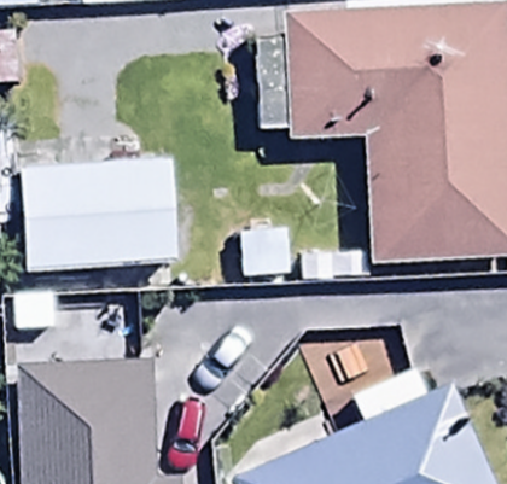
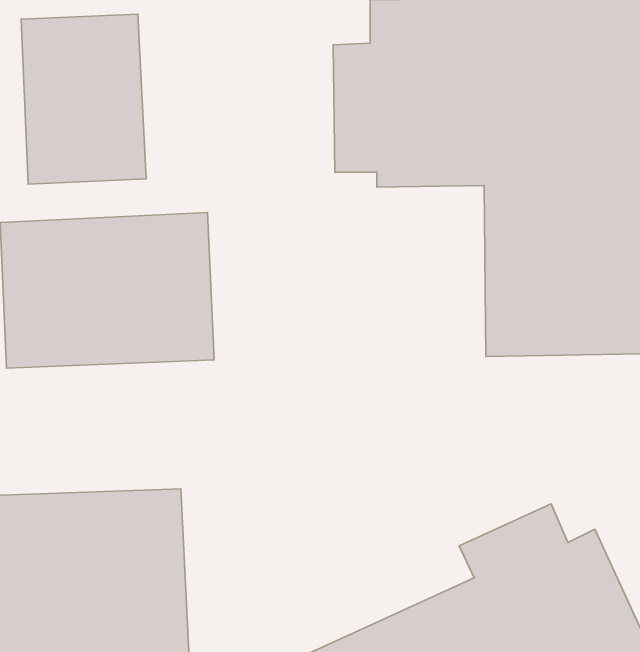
building: none -> [21,14,146,184]

